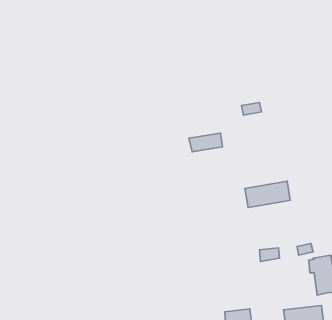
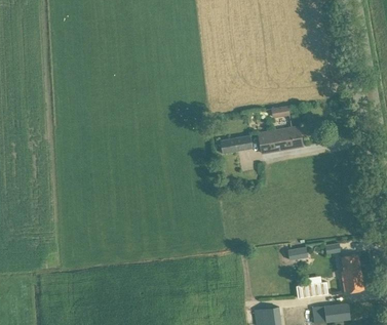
building: [245,181,290,207] -> [258,126,302,152]

